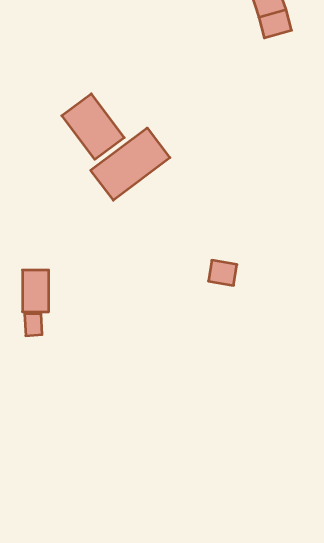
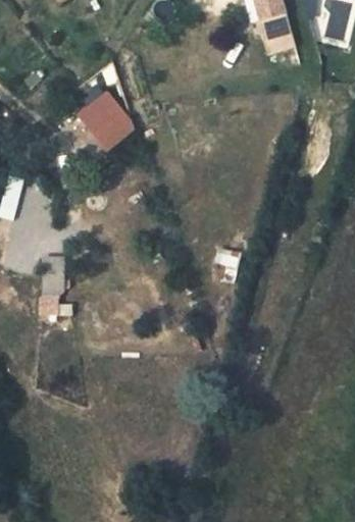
building: [91,128,170,200] -> none

